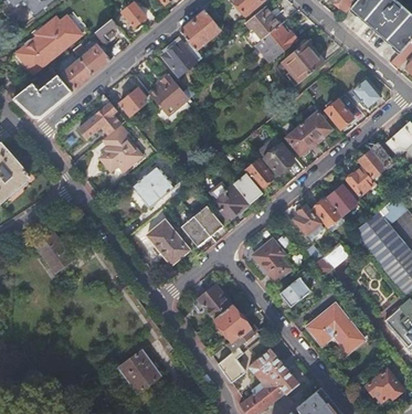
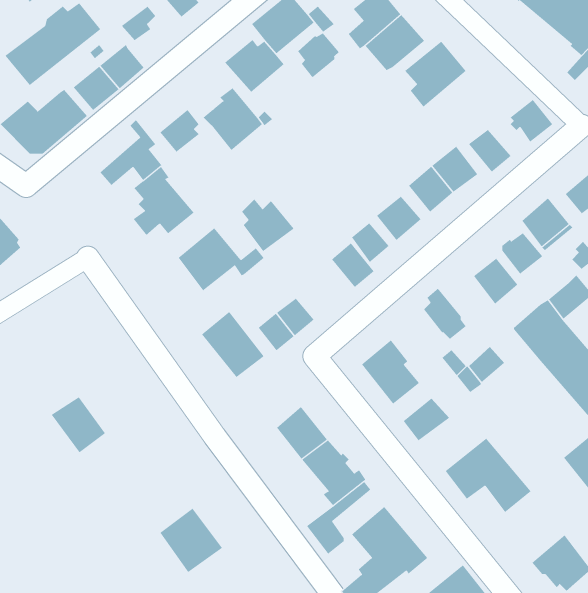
building: none -> [298,32,339,78]
building: [211,185,246,221] -> [241,199,294,252]
building: [313,199,340,229] -> none
building: [34,234,71,272] -> [51,396,106,453]

